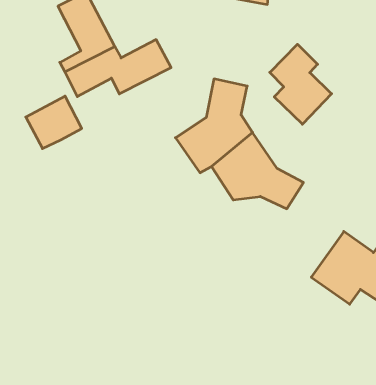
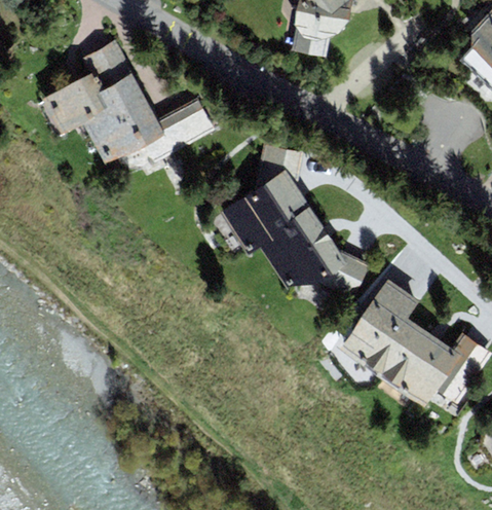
building: [270,44,332,124] -> none
building: [26,96,82,149] -> [43,72,109,134]
building: none -> [340,278,420,375]

